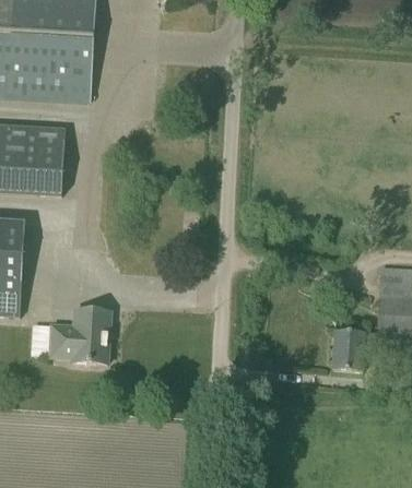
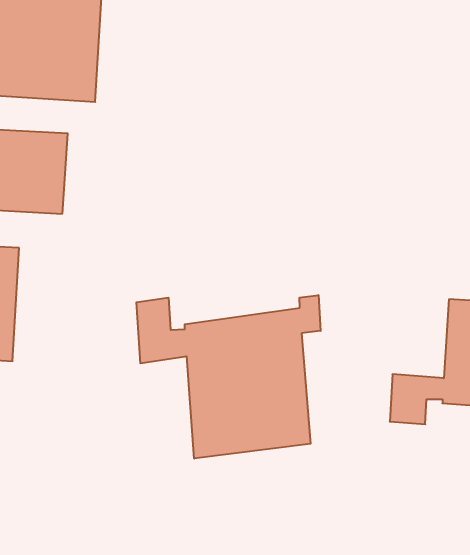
building: none -> [136,295,321,459]
building: [48,308,109,362] -> none

